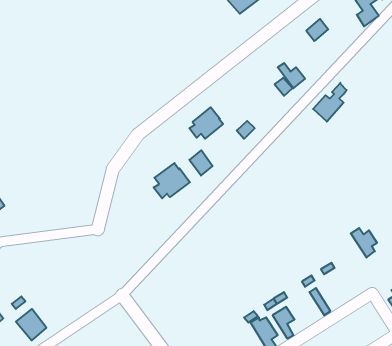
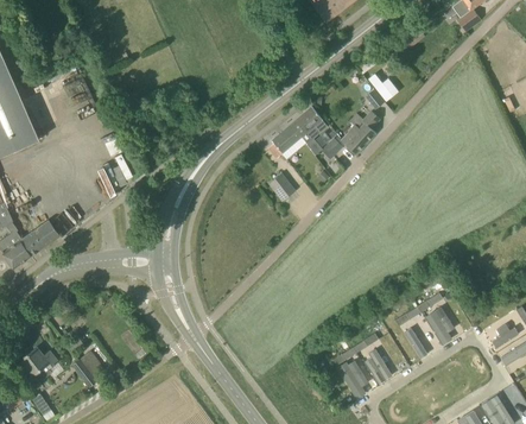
building: [313,83,347,122] -> [340,109,378,153]
building: none -> [291,106,327,143]
building: [154,163,190,198] -> none
building: [351,228,377,258] -> [424,310,454,343]

